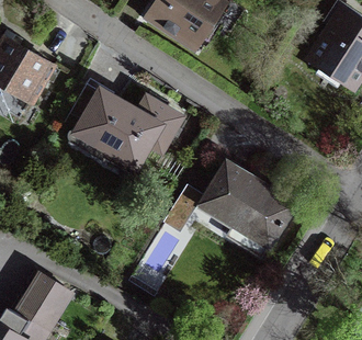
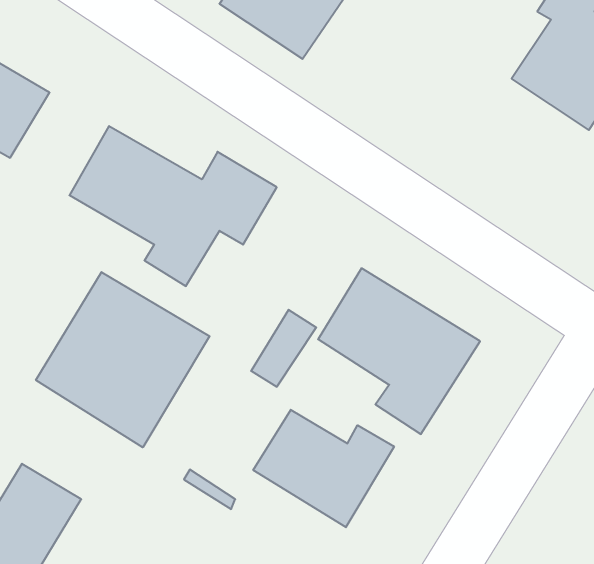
building: none -> [36,272,210,447]
building: none -> [253,410,394,527]

